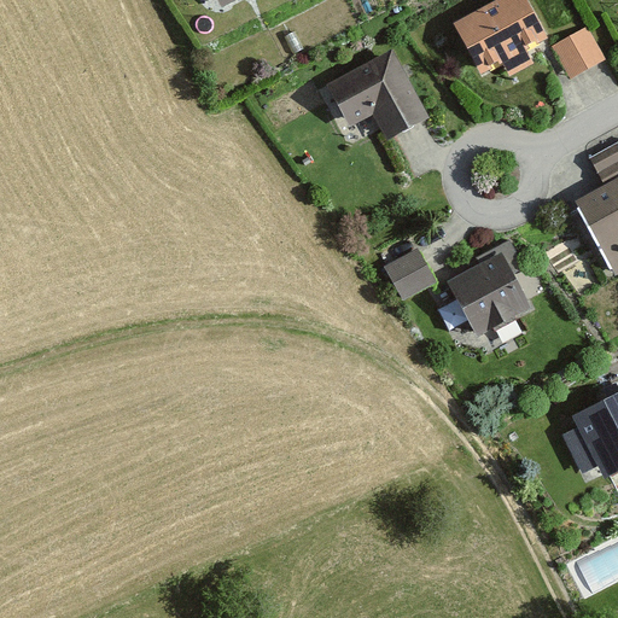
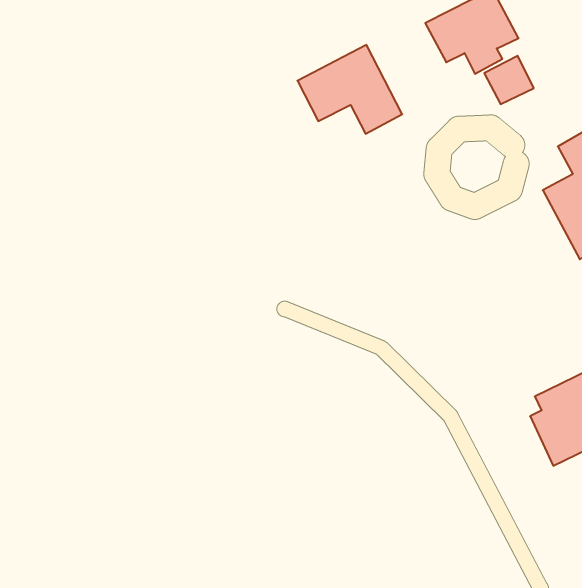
building: [555,27,607,77] -> [484,56,534,104]
building: [381,247,436,302] -> none
building: [441,253,531,339] -> none

